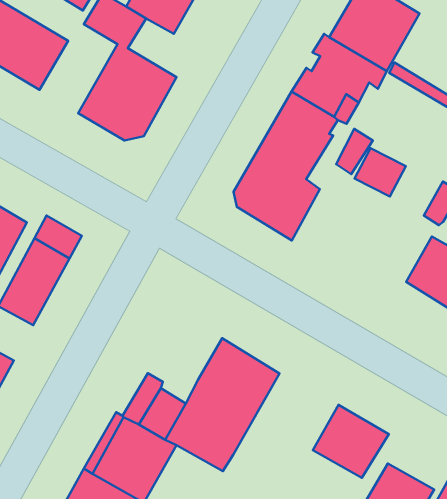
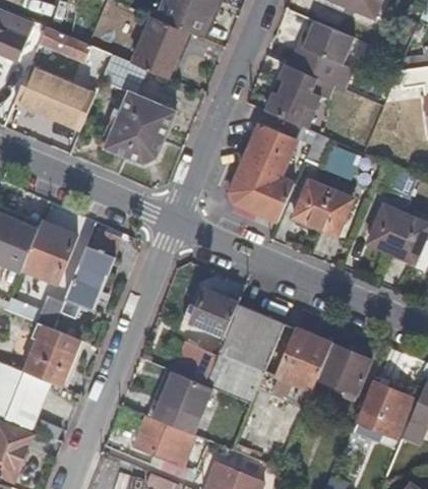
building: none -> [296,181,353,236]
building: none -> [188,290,236,337]
building: none -> [255,324,330,409]

